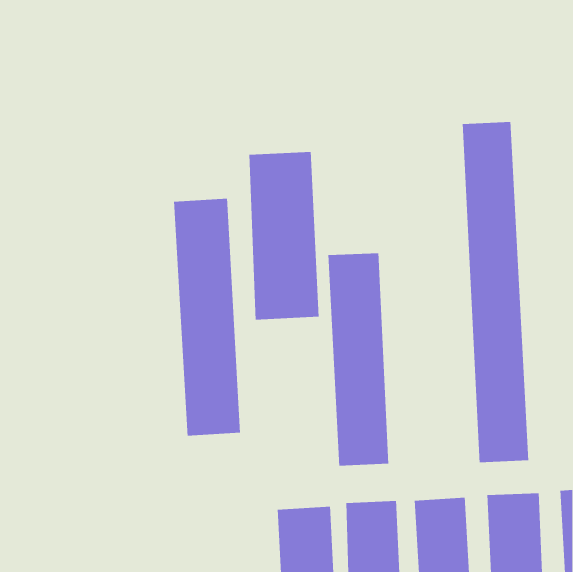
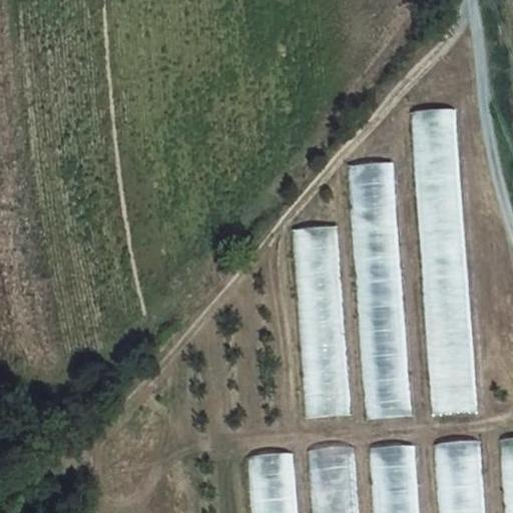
building: [248,151,320,321] -> none
building: none -> [349,162,409,419]
building: [173,198,241,437] -> none

